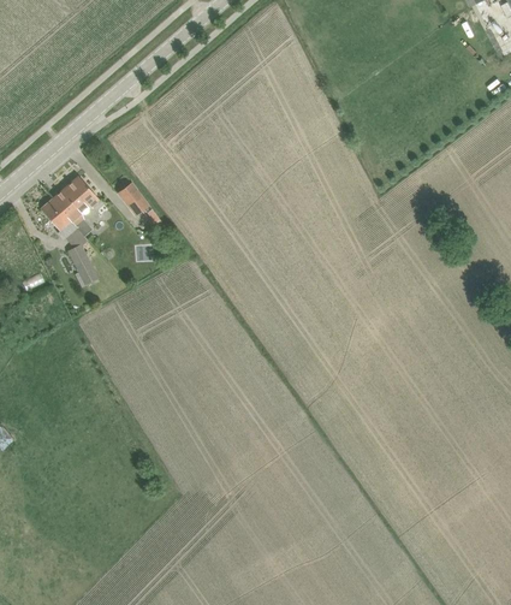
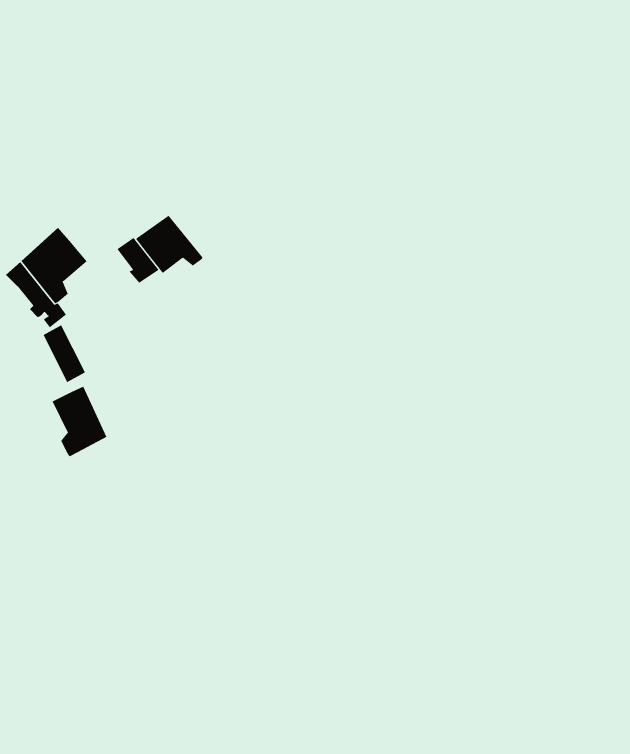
building: none -> [135,215,203,274]
building: none -> [52,386,107,457]

